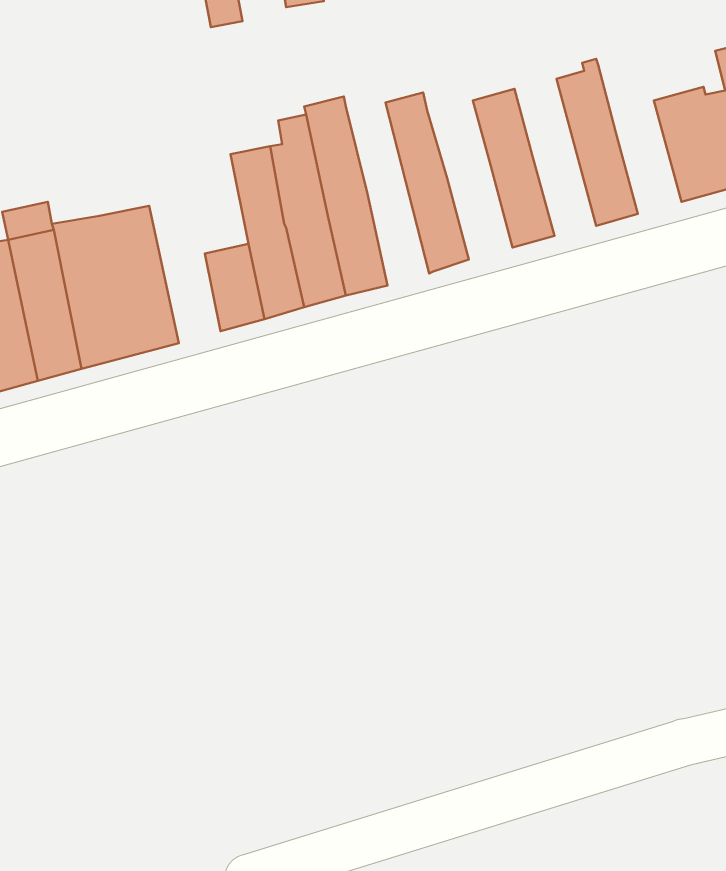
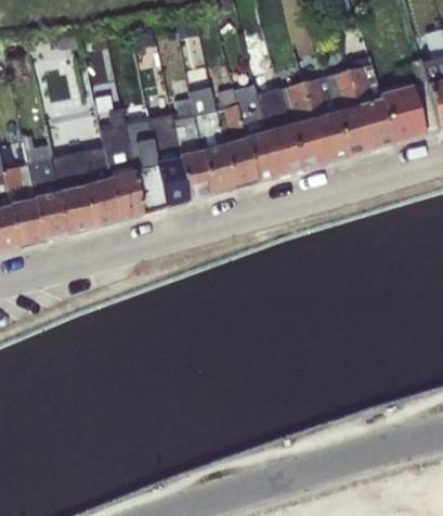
building: none -> [346,54,393,150]
building: none -> [302,76,347,162]
building: none -> [210,86,256,189]
building: none -> [255,88,301,175]
building: none -> [100,107,142,220]

